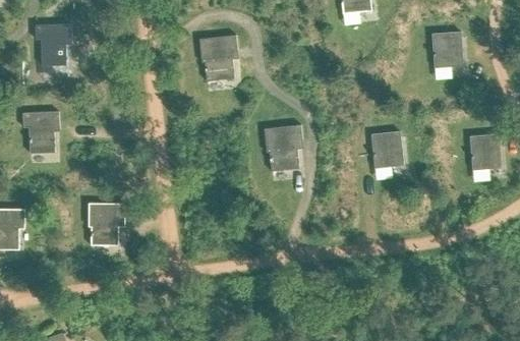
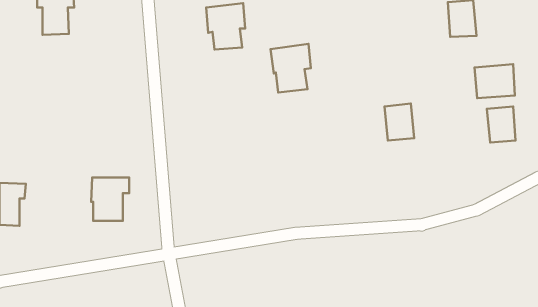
building: none -> [474,64,515,98]
building: [23,112,60,154] -> none
building: [263,125,301,172] -> [271,44,311,92]

